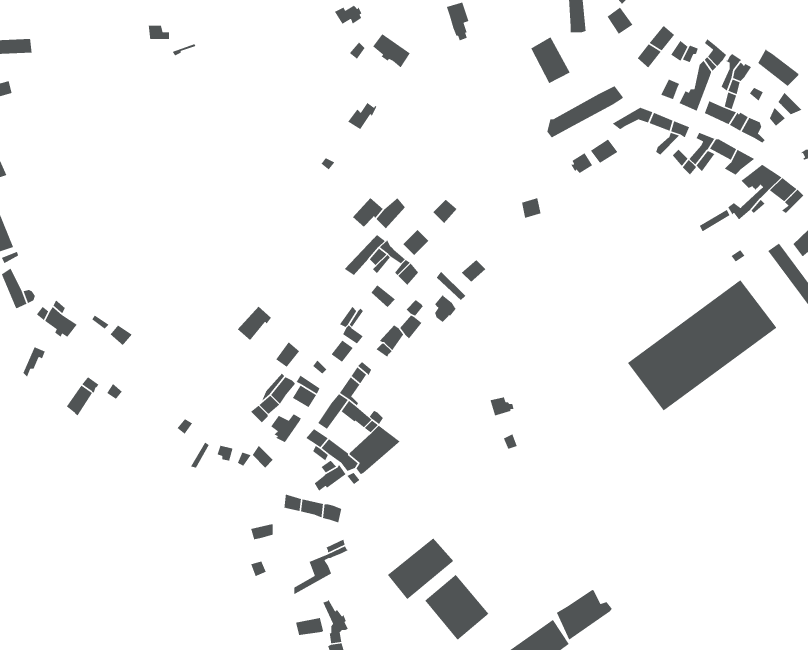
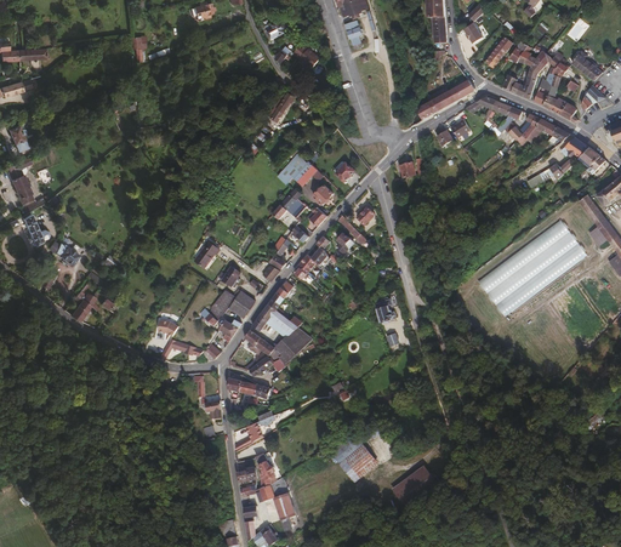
building: [530,36,571,84] -> none
building: [387,538,454,600] -> none
building: [556,589,613,641] -> none

